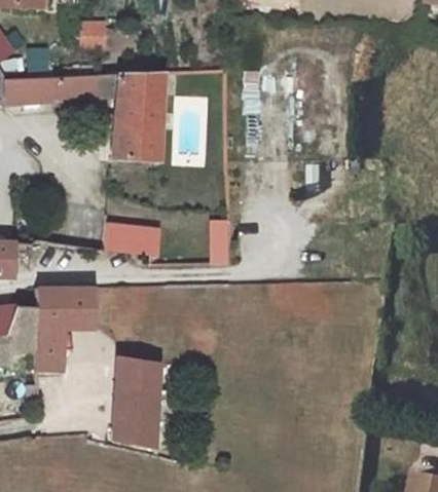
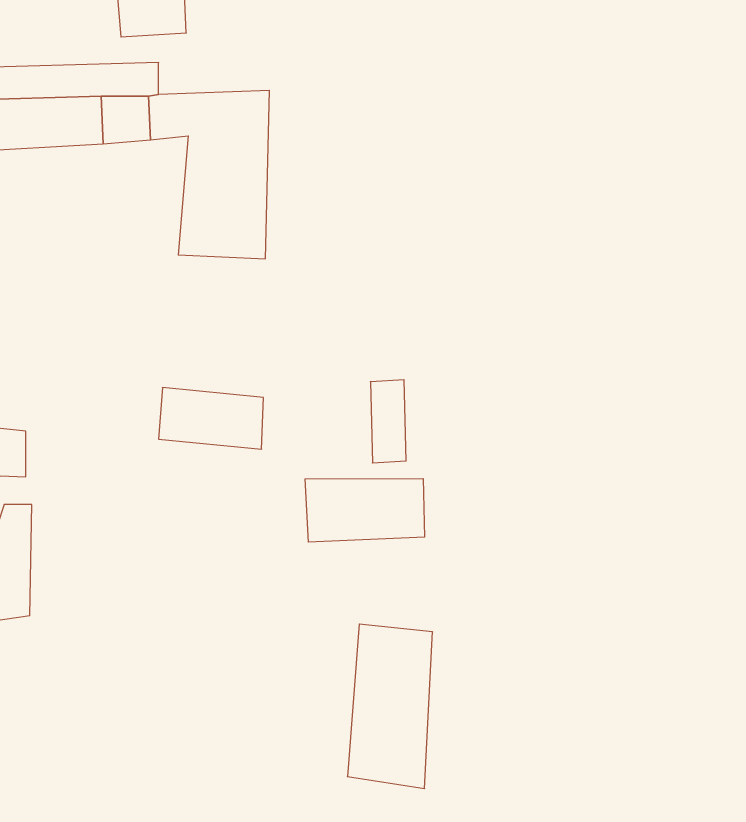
building: none -> [305,479,425,542]
building: [34,287,93,368] -> none
building: [113,361,157,446] -> [347,624,433,789]

